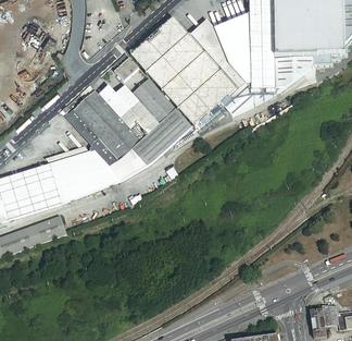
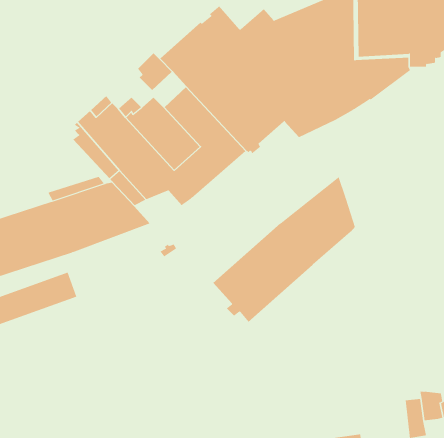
building: none -> [213,176,355,322]
building: [111,157,146,181] -> none

